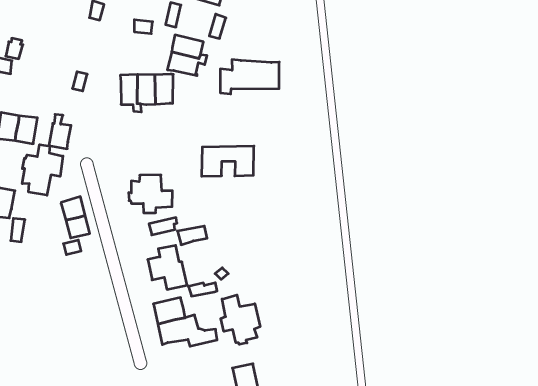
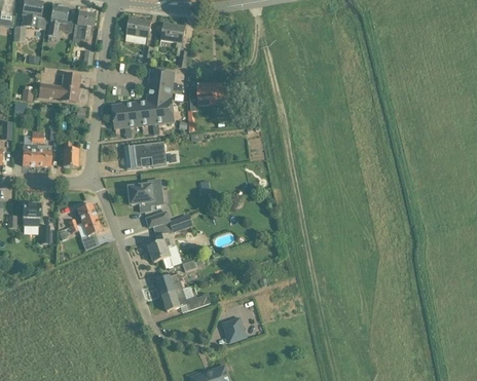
building: none -> [39,72,79,101]
building: none -> [152,97,174,128]
building: [22,145,63,195] -> none
building: [202,146,254,176] -> [124,141,167,168]
building: [221,295,260,344] -> none

